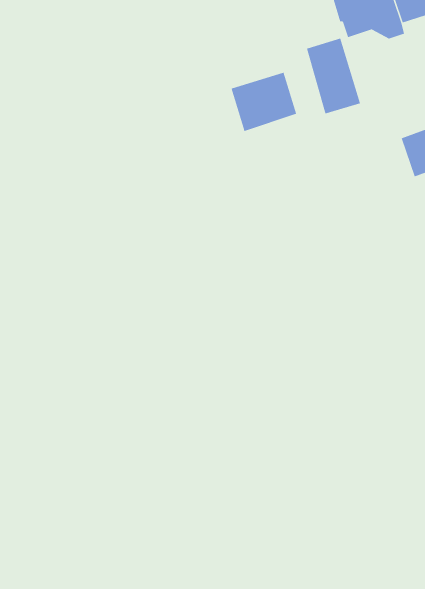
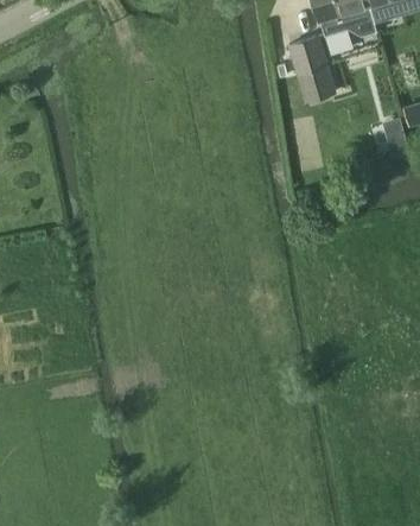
building: [231,72,297,132] -> none

